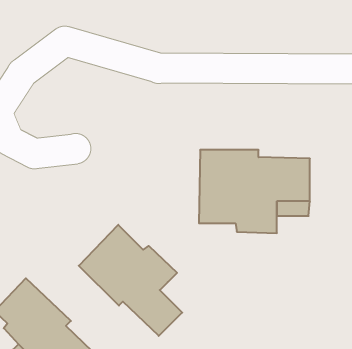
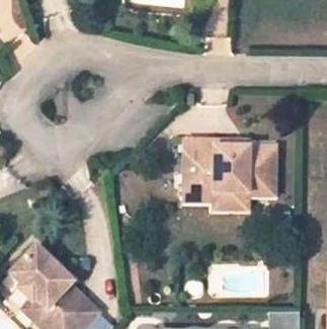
building: [79,225,182,336] -> none

